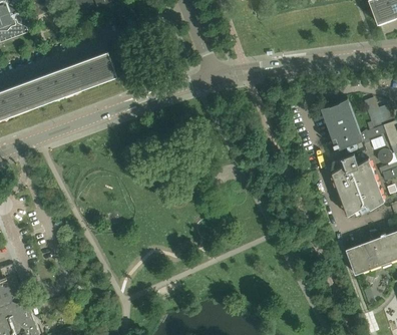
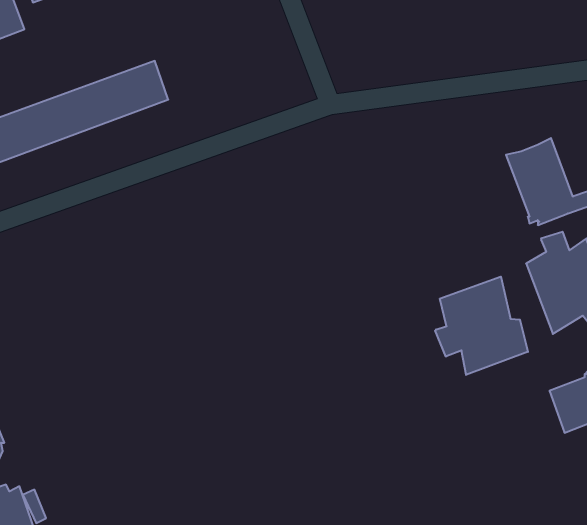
building: none -> [435,277,528,375]

